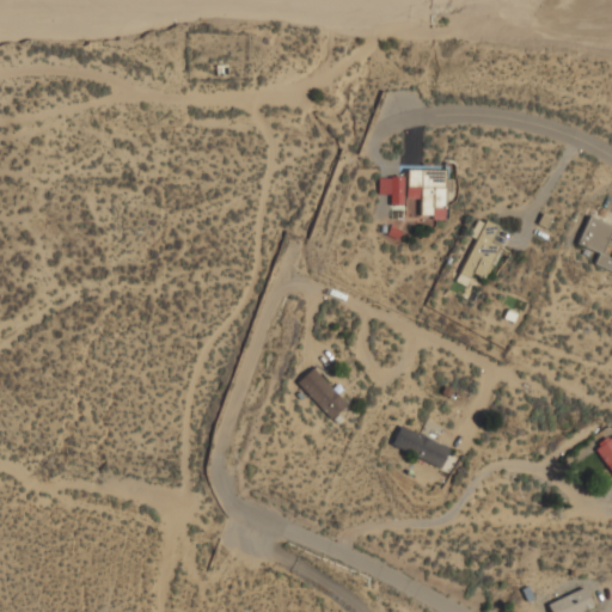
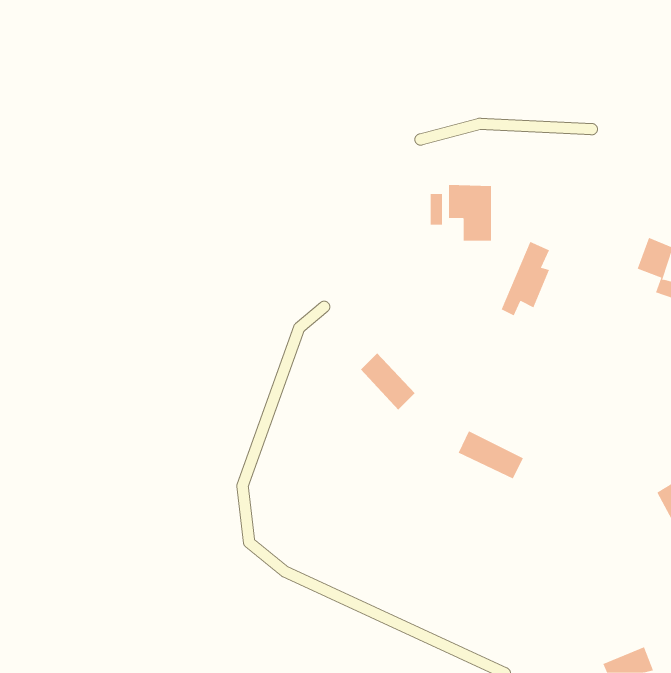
building: [299,367,349,420] -> [360,353,415,410]
building: [392,424,452,469] -> [458,431,524,479]

